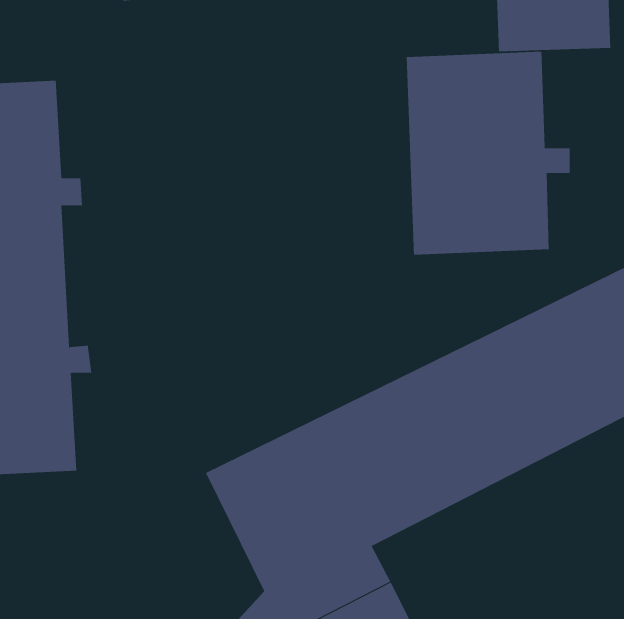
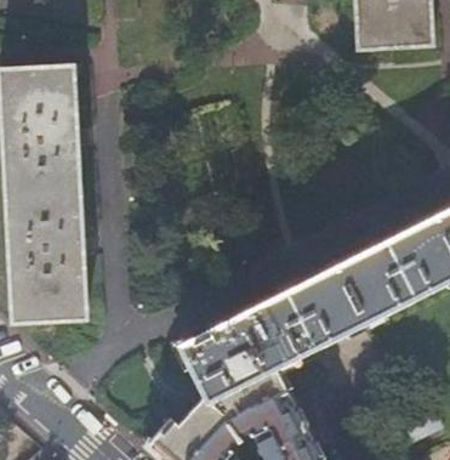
building: [406,51,570,255] -> none

